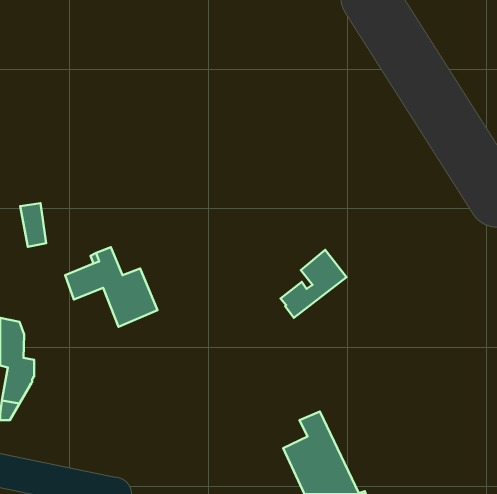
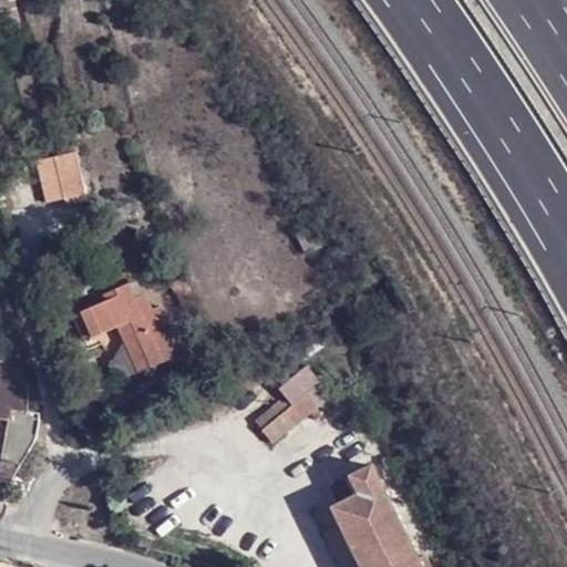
building: [20,203,46,247] -> [54,150,84,199]
building: [280,250,347,318] -> [250,369,326,446]

